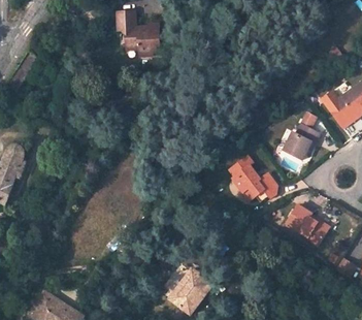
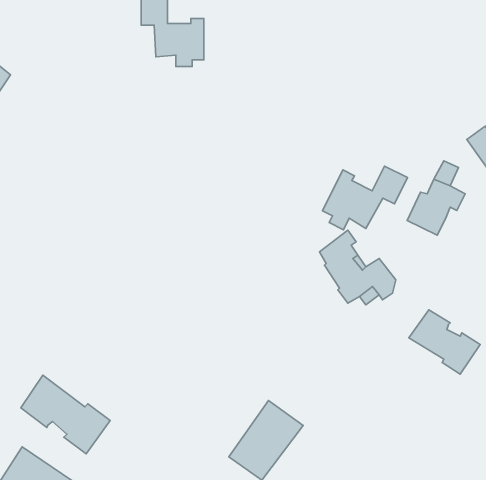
building: none -> [322,166,407,230]
building: none -> [21,375,110,454]

